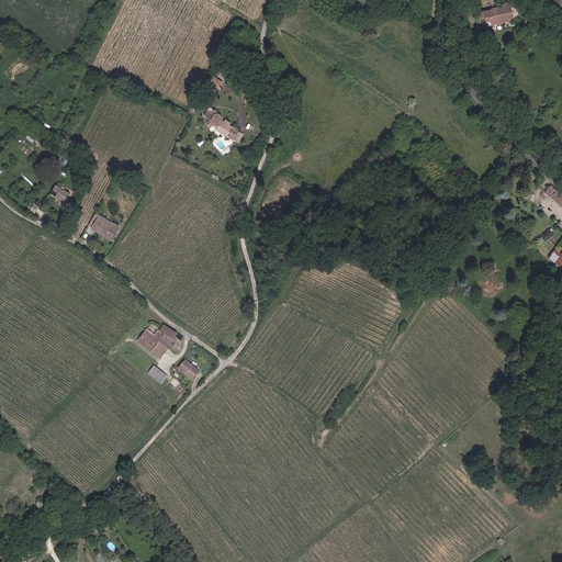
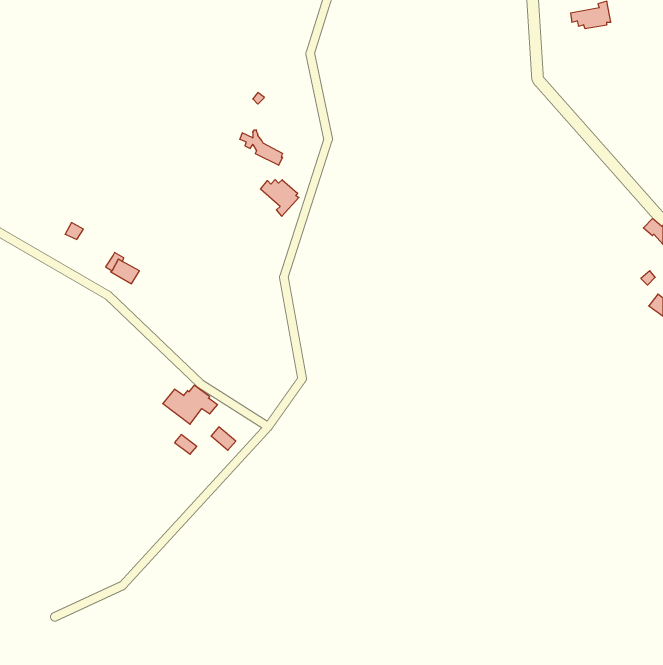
building: none -> [260,180,299,216]

